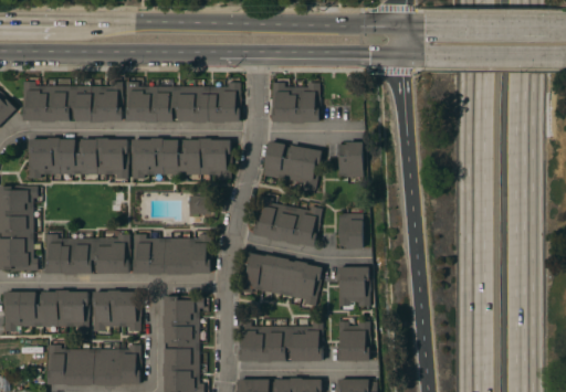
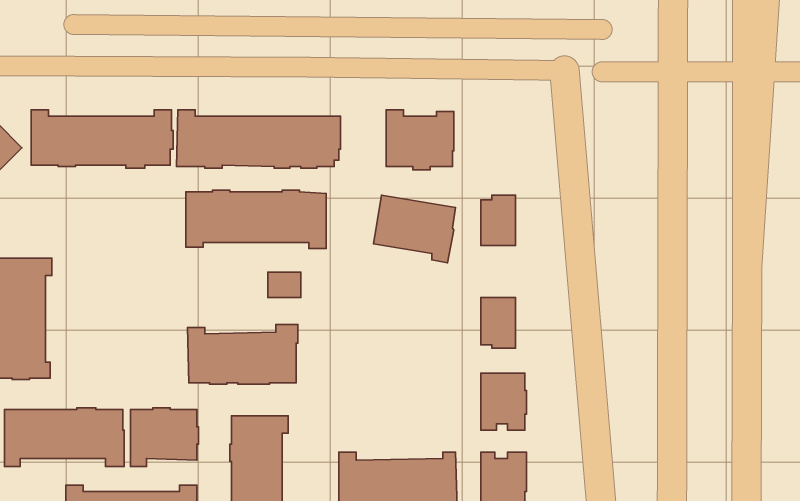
building: [29,137,128,179] -> none
building: [252,195,322,246] -> none
building: [45,234,129,275] -> none
building: [239,252,322,306] -> none

